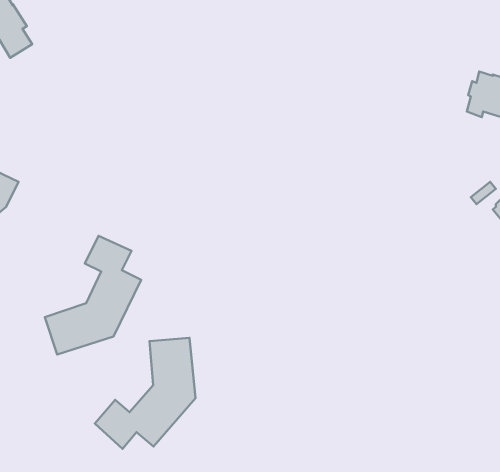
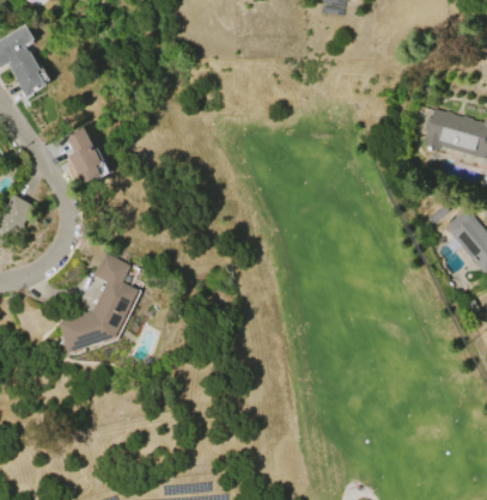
building: none -> [66,128,103,185]
building: [95,338,195,449] -> none

